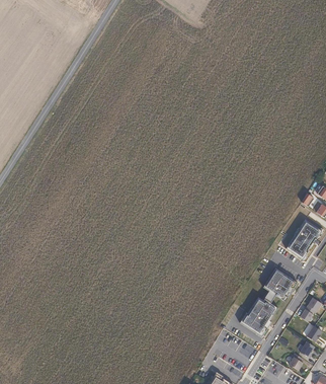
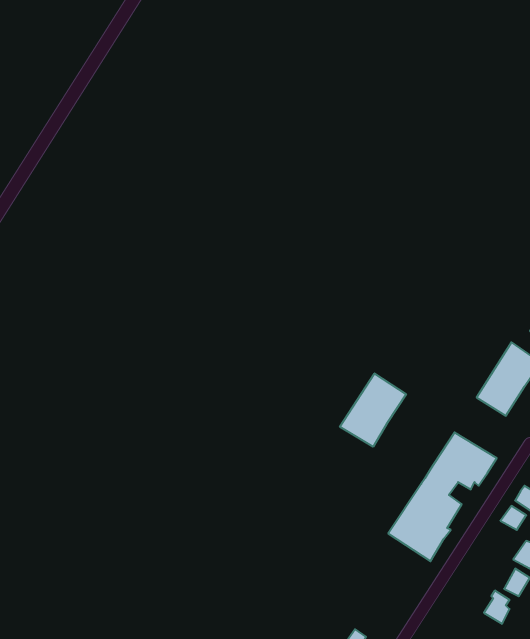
building: none -> [340,373,406,447]

